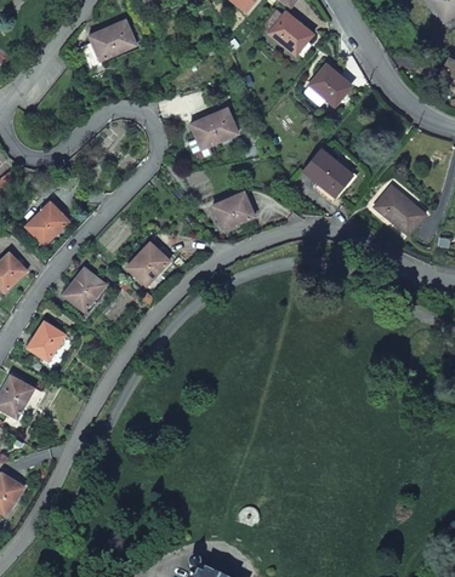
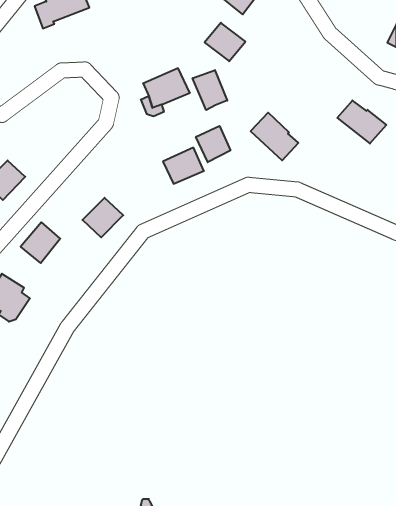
building: [307,61,349,101] -> [205,23,245,61]
building: none -> [193,70,227,110]
building: none -> [196,126,230,162]
building: [370,187,421,232] -> [337,100,386,144]

